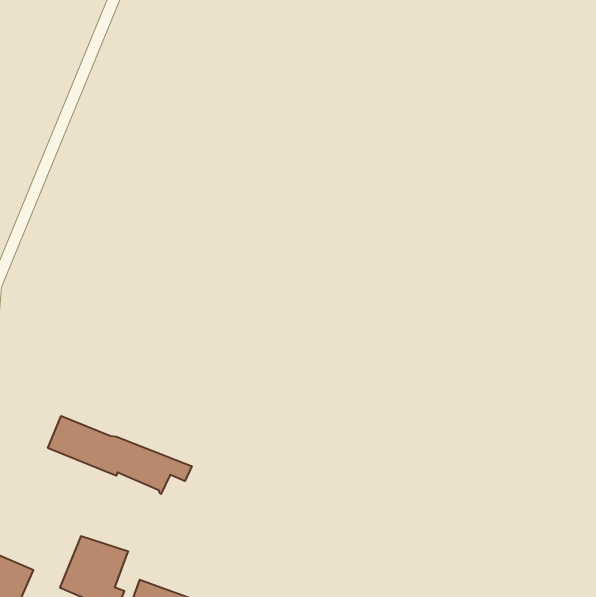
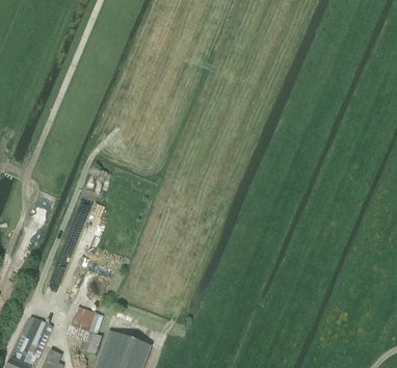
building: [48,416,192,494] -> none

